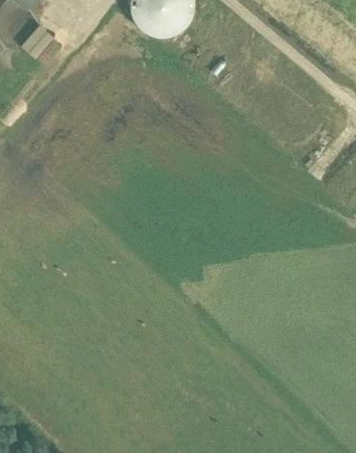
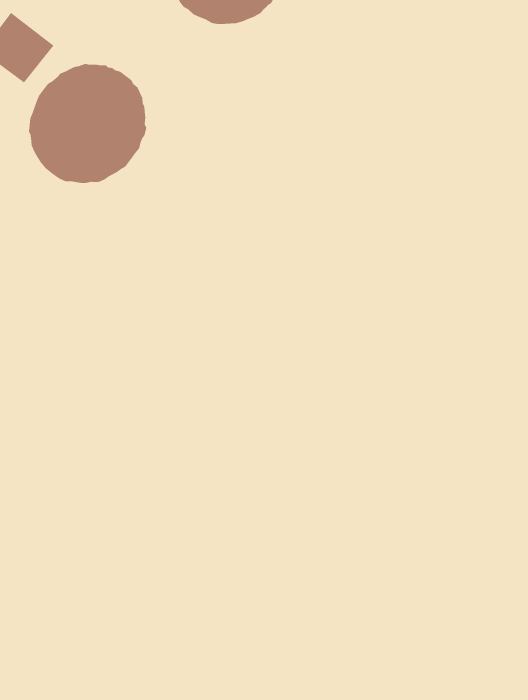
building: none -> [28,63,147,184]

